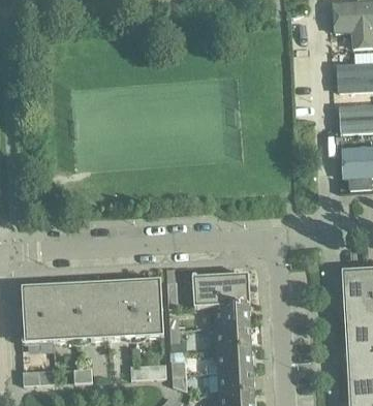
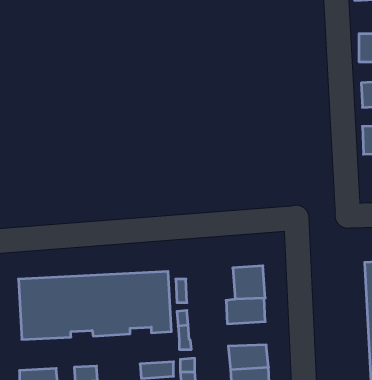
building: [192,277,222,308] -> none
building: [215,326,251,349] -> none

